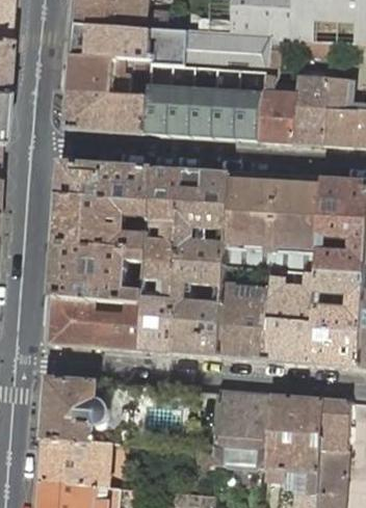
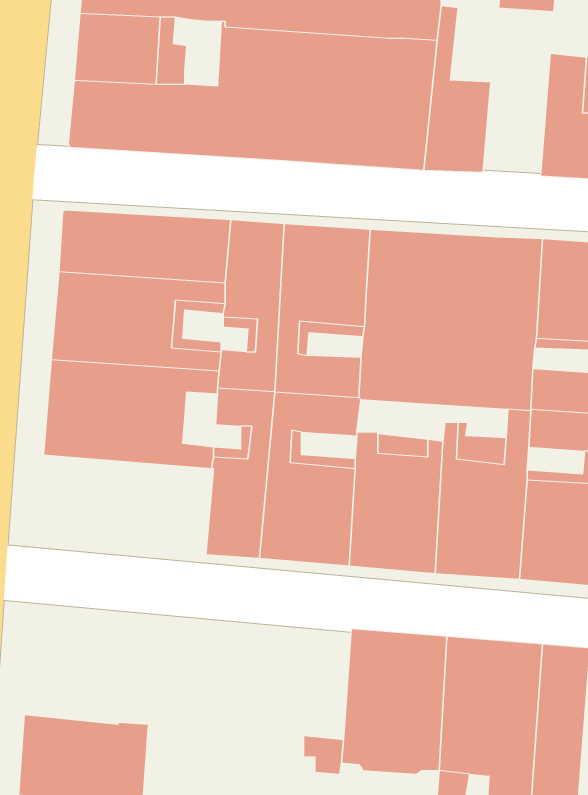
building: [294,75,331,144] -> none
building: [52,296,148,350] -> none
building: [45,377,125,444] -> none

